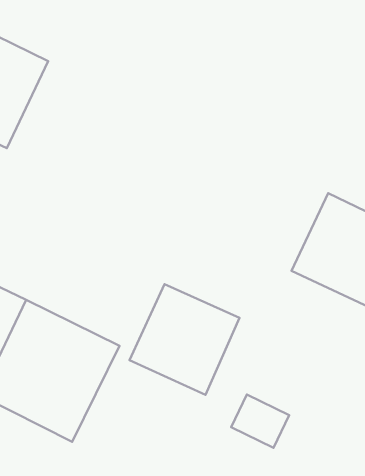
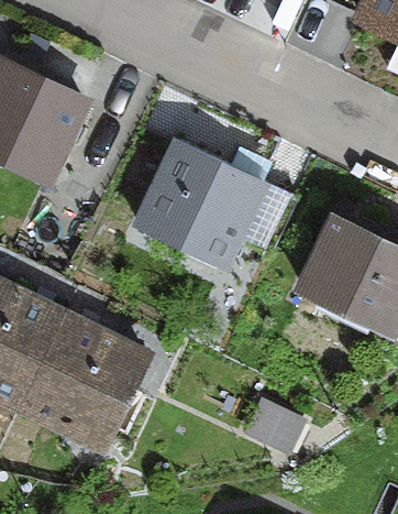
building: none -> [140,144,295,262]
building: [130,284,240,395] -> none

